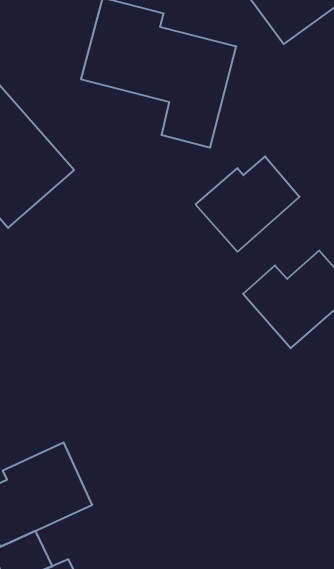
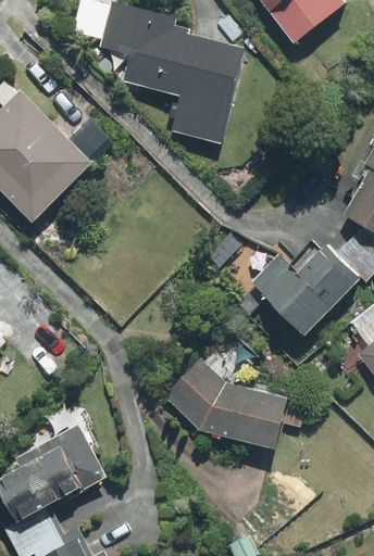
building: [196,156,300,252] -> none
building: none -> [164,357,288,452]

